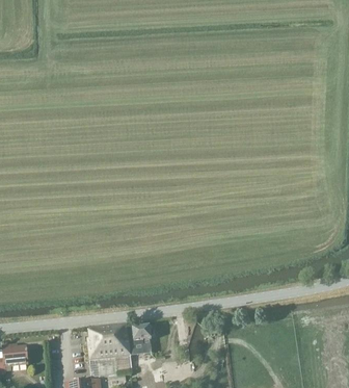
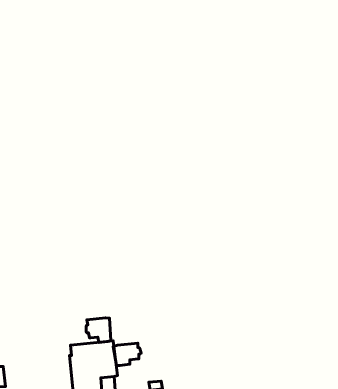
building: none -> [86,318,111,342]

